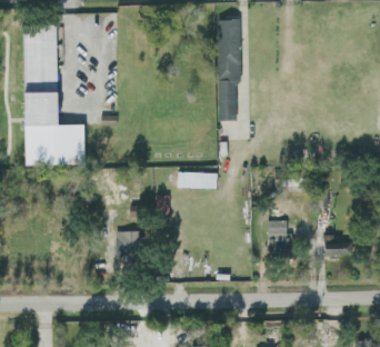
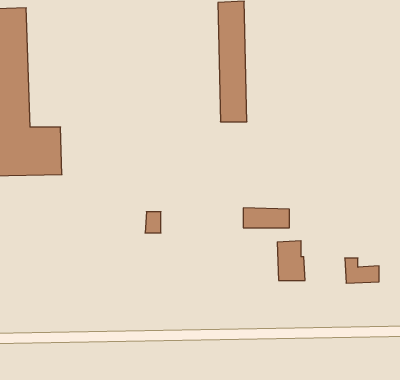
building: [178,170,217,187] -> [243,208,289,228]
building: [116,230,139,261] -> none

